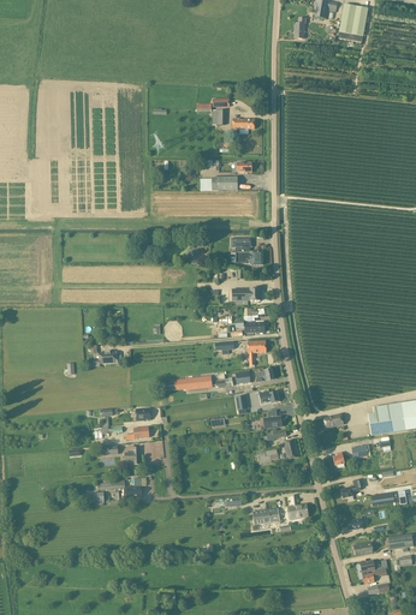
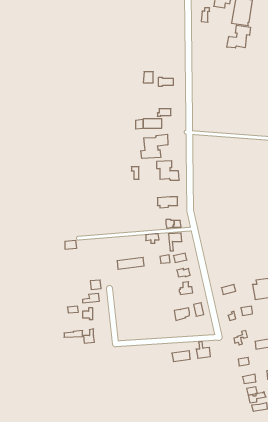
building: none -> [227,25,250,48]
building: none -> [141,134,168,158]

